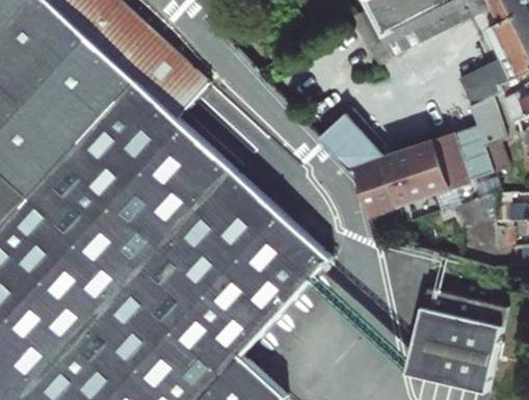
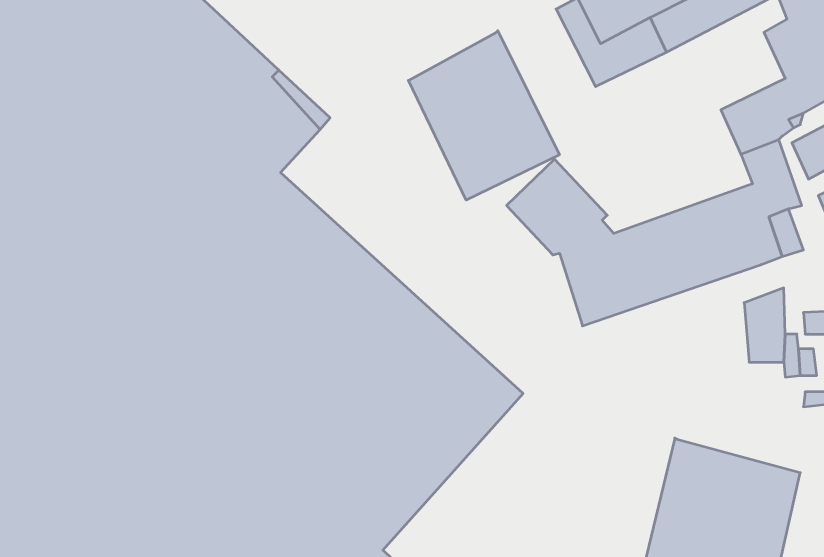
building: none -> [408,31,559,200]

